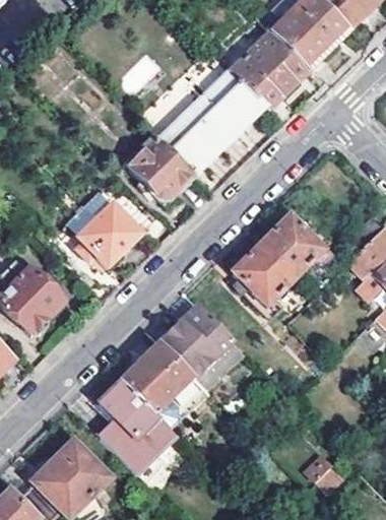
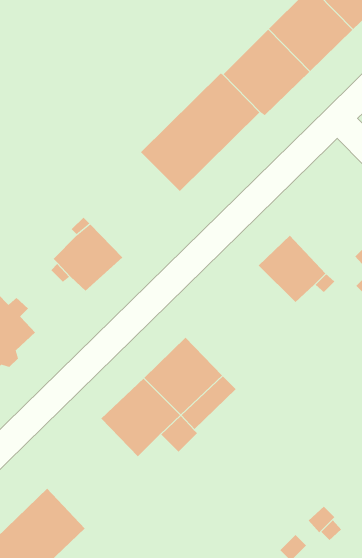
building: [129,140,191,202] -> none
building: [233,242,295,304] -> none
building: [98,379,174,472] -> none

